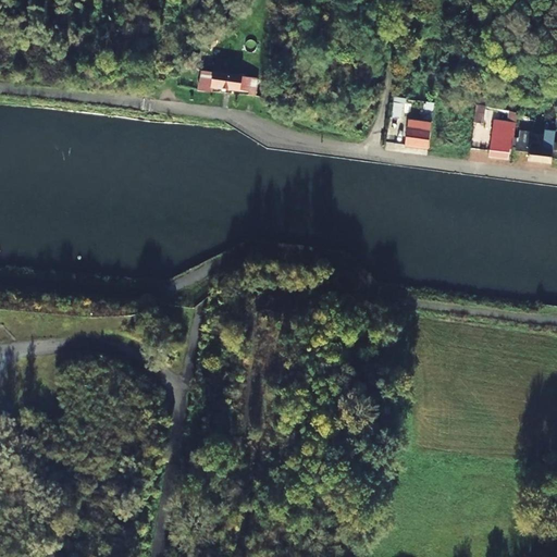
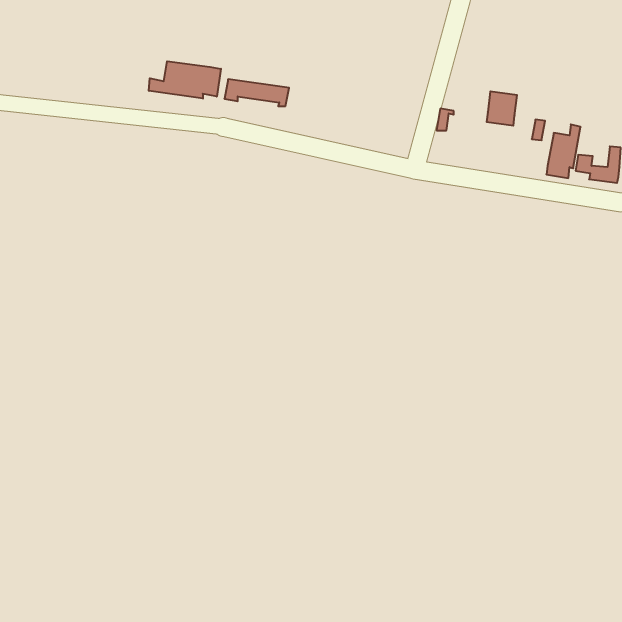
building: none -> [149,61,221,99]
building: [404,117,431,148] -> [487,91,517,126]

